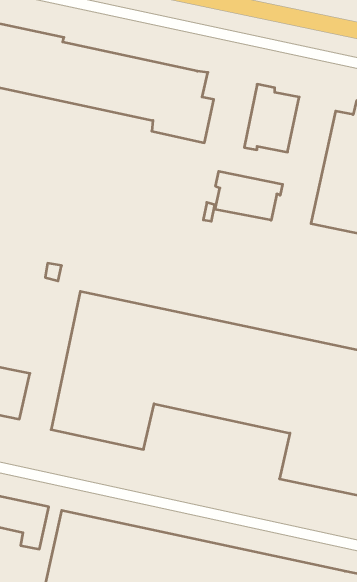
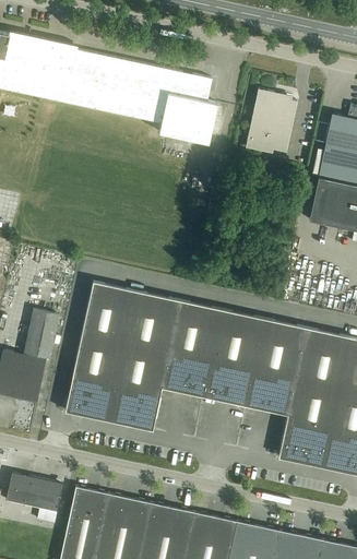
building: [215,171,283,220] -> none
building: none -> [24,310,59,358]

